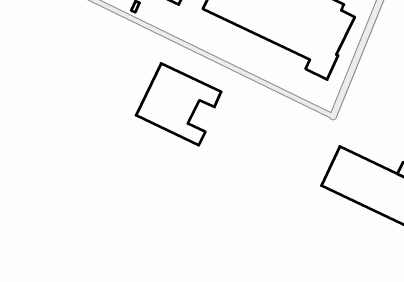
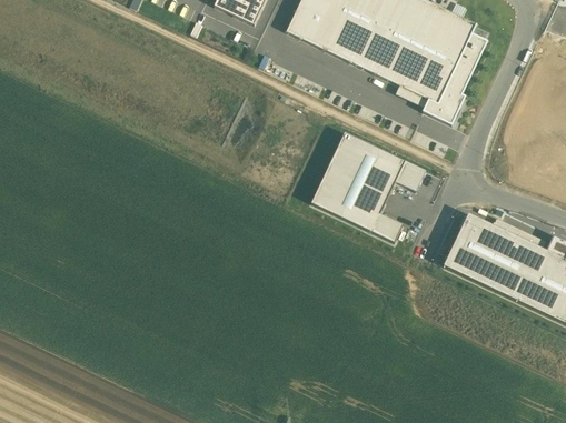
building: [136,63,221,145] -> [311,132,425,241]

